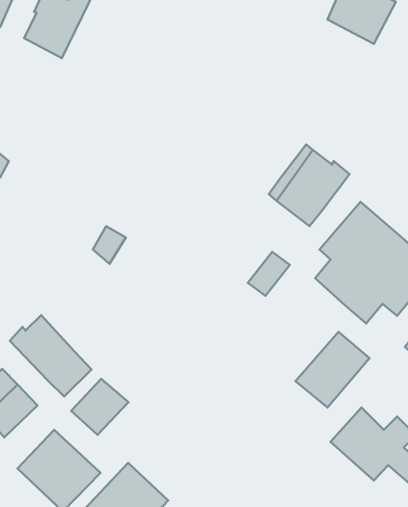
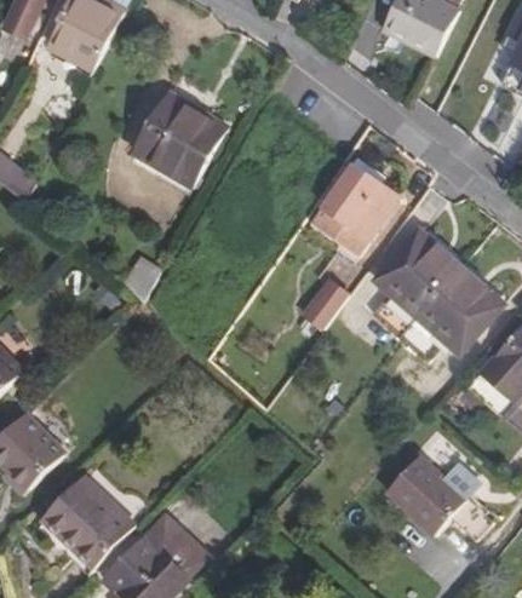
building: none -> [134,92,225,185]
building: [10,315,92,397] -> none
building: [296,332,370,407] -> none
building: [71,379,128,435] -> none

